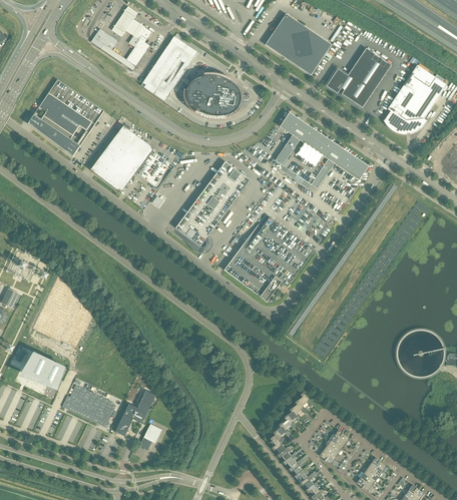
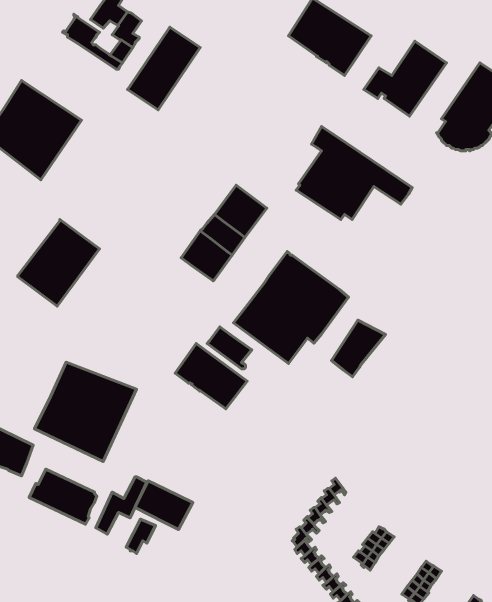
building: [185,74,240,115] -> none
building: [89,124,153,192] -> [18,220,99,306]
building: [171,217,206,251] -> [207,327,252,369]
building: none -> [332,320,385,377]
building: none -> [175,343,247,409]
building: none -> [34,362,137,462]
building: none -> [135,481,193,530]

